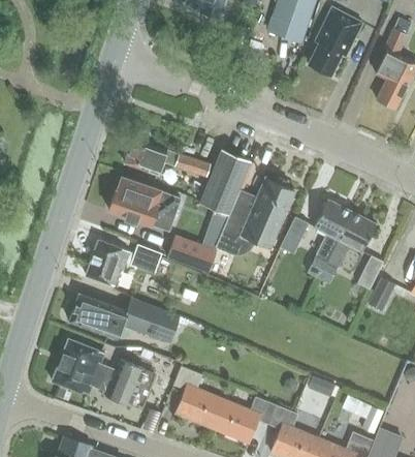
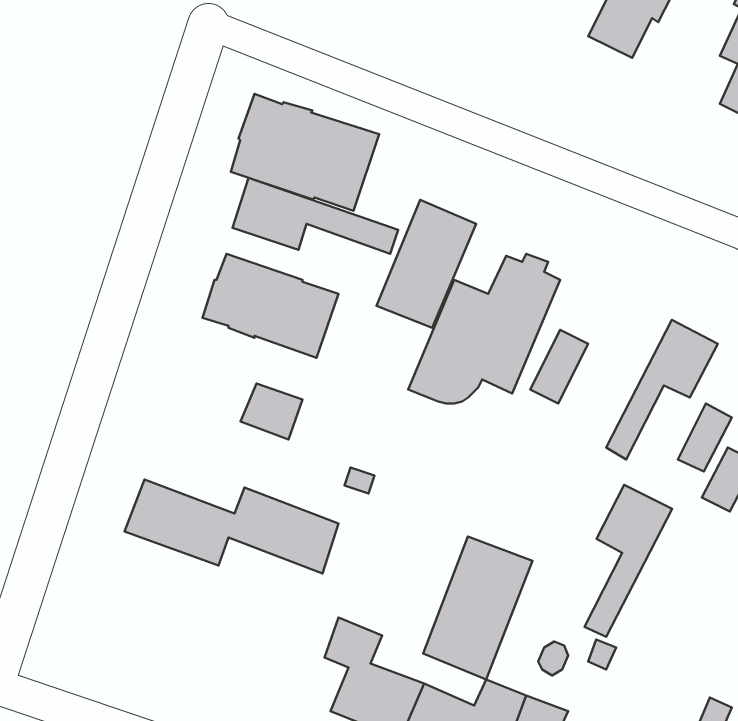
building: none -> [231,94,379,211]
building: [307,199,352,277] -> [584,485,672,637]
building: [166,234,217,273] -> none
building: [86,240,130,285] -> none
building: none -> [423,536,532,679]
building: [52,338,156,405] -> none

